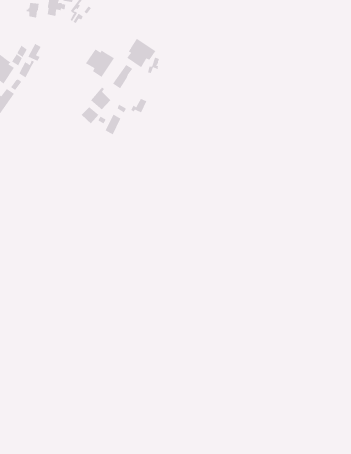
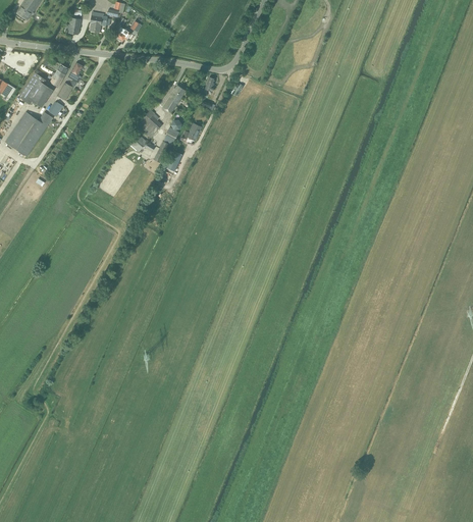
building: [127,38,156,68] -> none
building: [85,48,115,78] -> none

